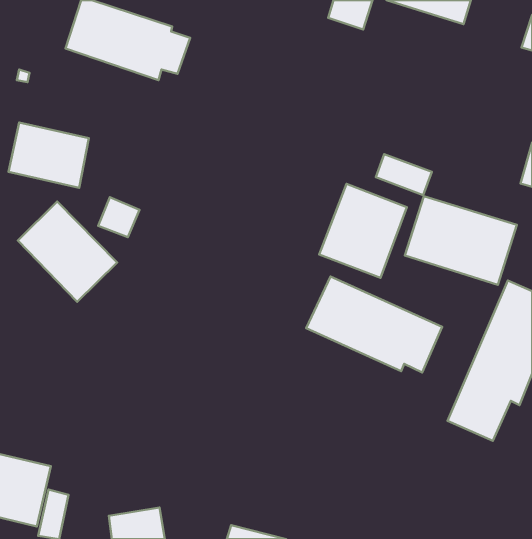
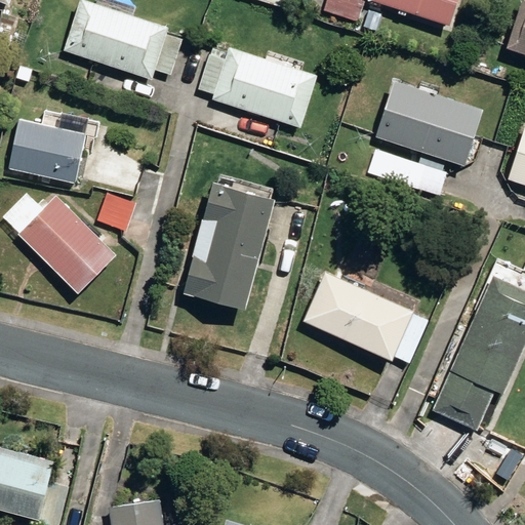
building: none -> [200,48,317,127]
building: [319,184,407,278] -> none
building: none -> [186,186,275,311]
building: [405,196,517,285] -> [373,80,482,166]

